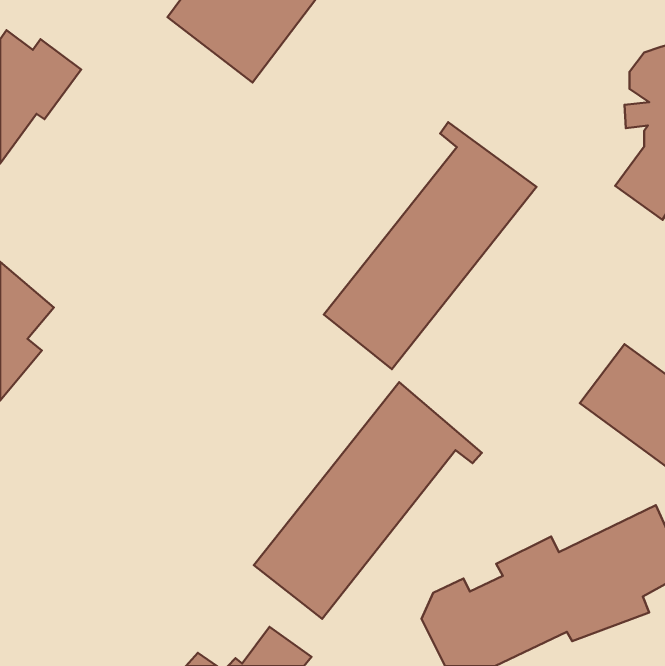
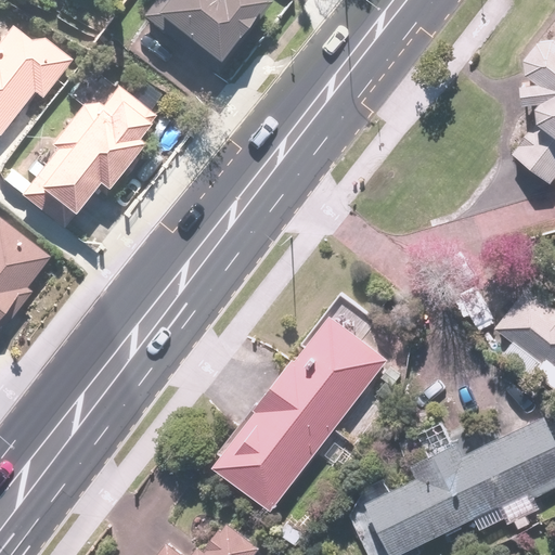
building: none -> [18,70,162,225]
building: [324,122,536,369] -> none

